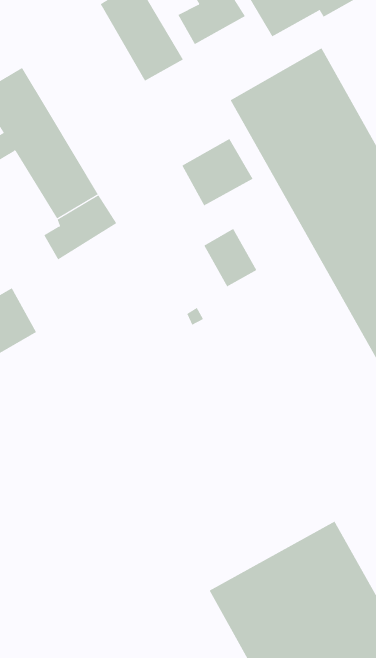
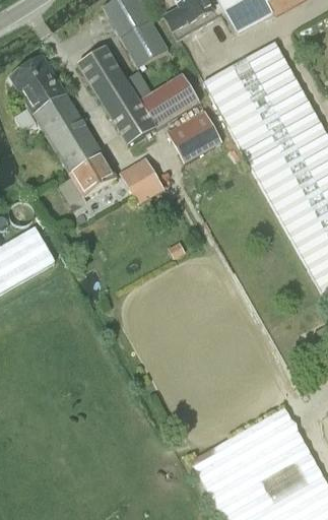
building: none -> [77,47,200,146]
building: [203,228,257,287] -> [120,157,161,203]

